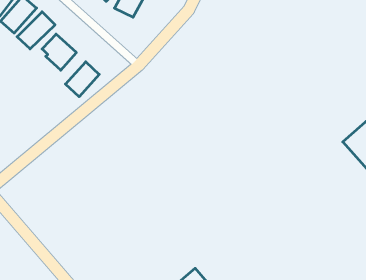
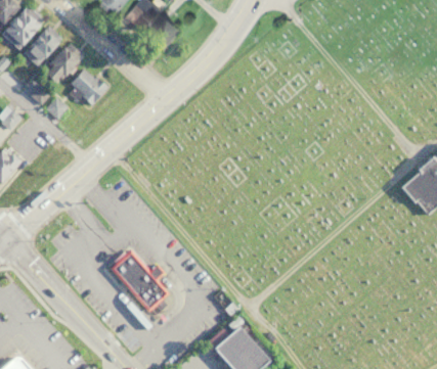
building: [65,62,99,97] -> none
building: none -> [111,250,168,311]

